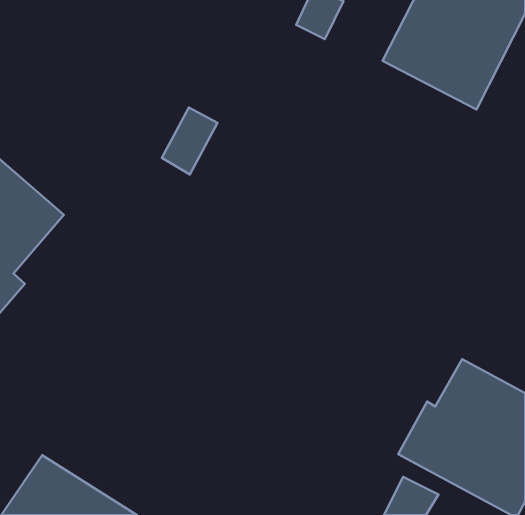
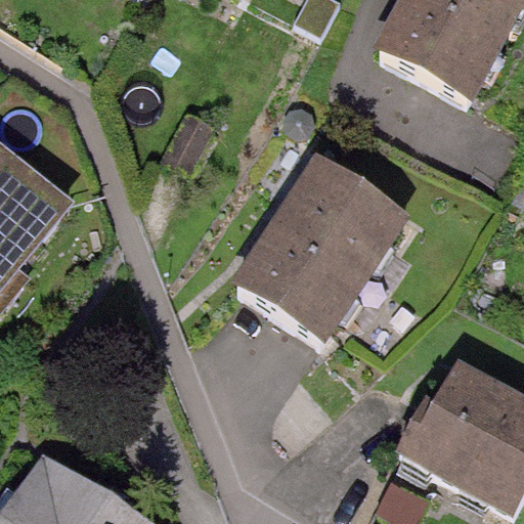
building: none -> [232,154,410,344]

